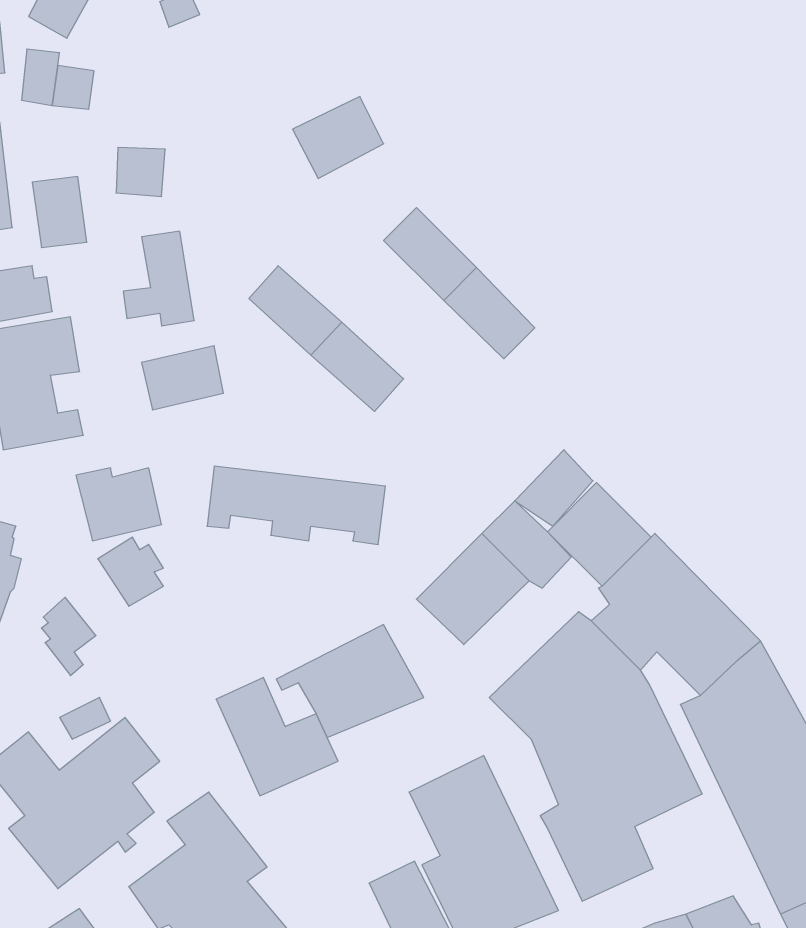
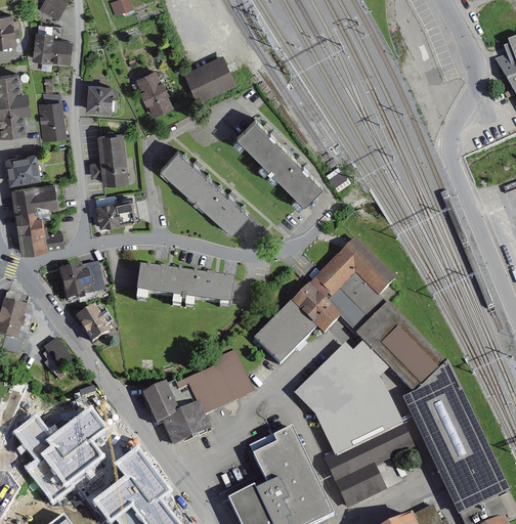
building: none -> [134,72,172,120]
building: none -> [336,236,395,295]

